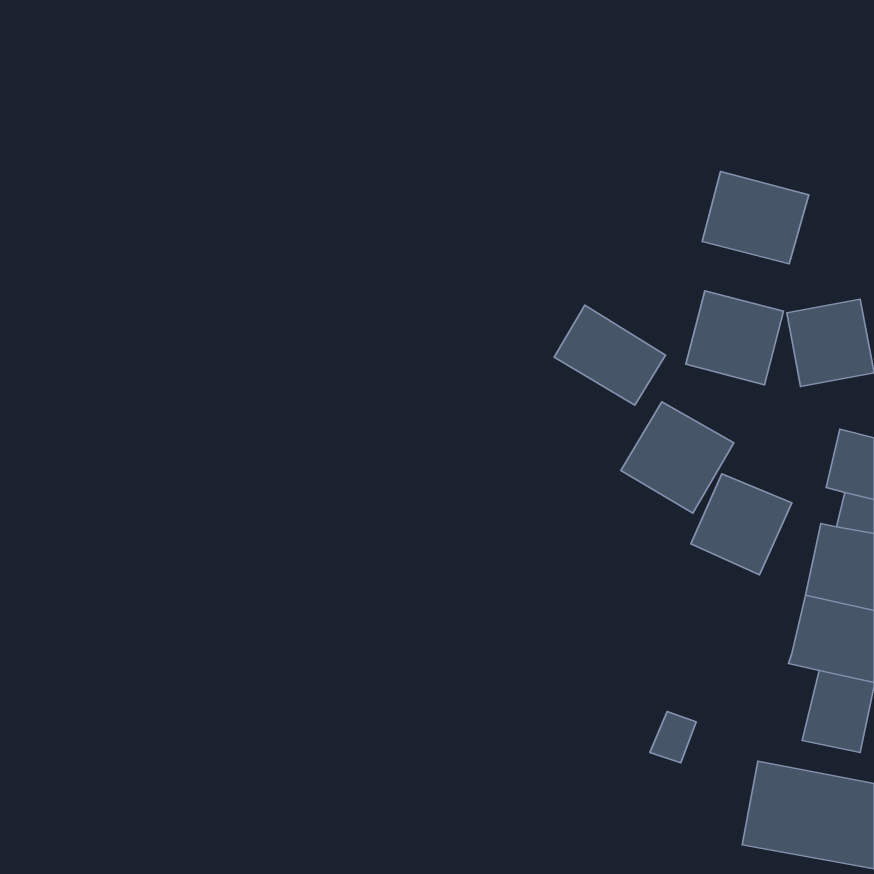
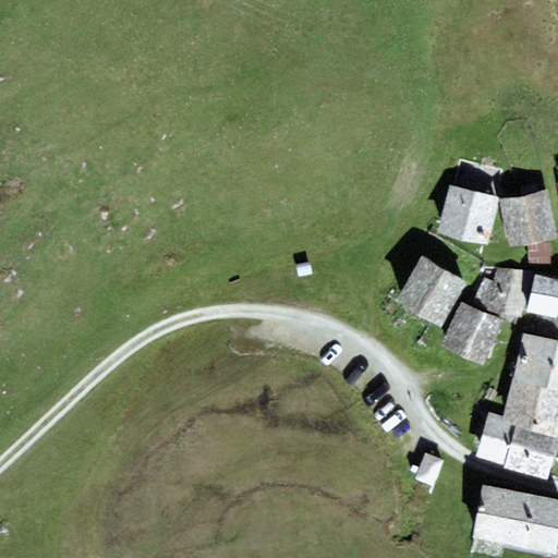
building: [702,171,809,264] -> none
building: [554,305,666,405] -> none
building: none -> [473,268,533,317]
building: none -> [477,413,522,472]

